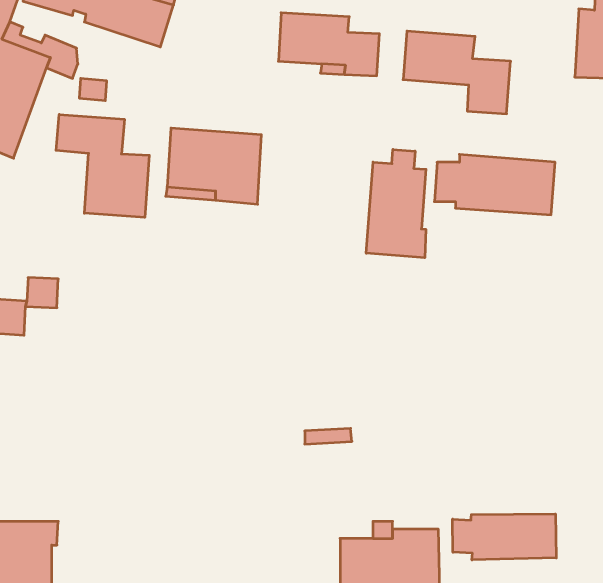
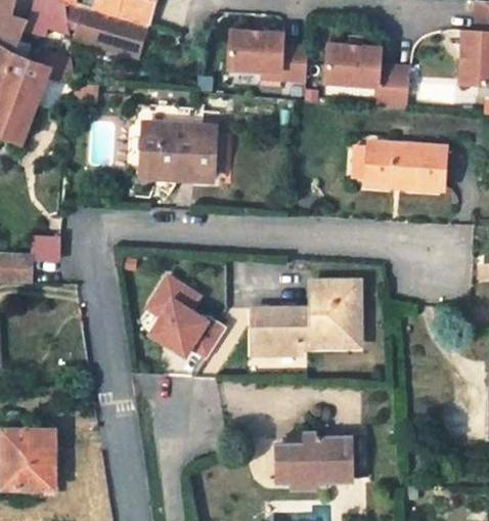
building: [56,114,149,217] -> none
building: [366,149,426,258] -> none
building: none -> [148,276,226,356]
building: none -> [251,279,360,354]
building: [453,514,556,560] -> none

